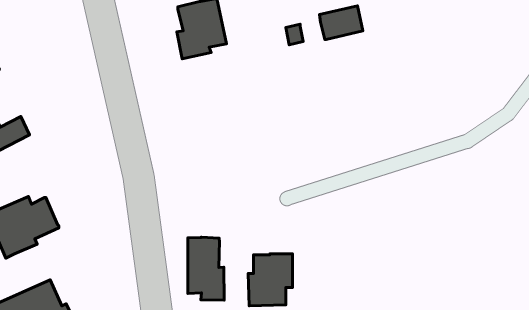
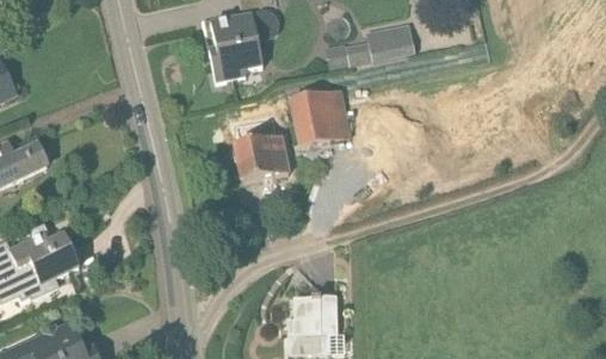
building: none -> [290,89,350,146]
building: none -> [231,136,289,181]
building: [188,237,224,300] -> none

